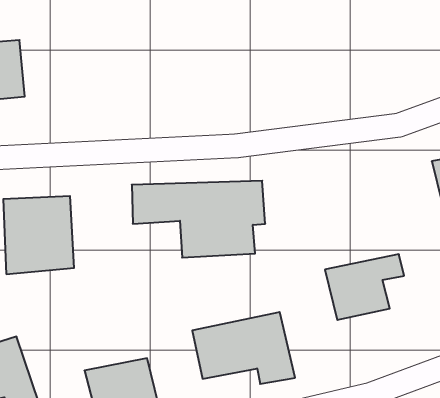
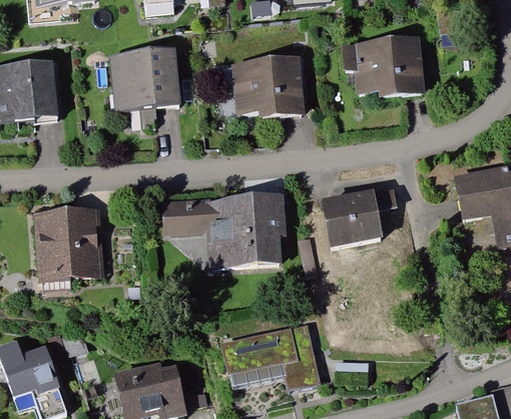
building: none -> [339,33,426,97]
building: none -> [107,47,177,104]
building: none -> [230,54,301,115]
building: [325,254,404,320] -> [321,187,398,252]

